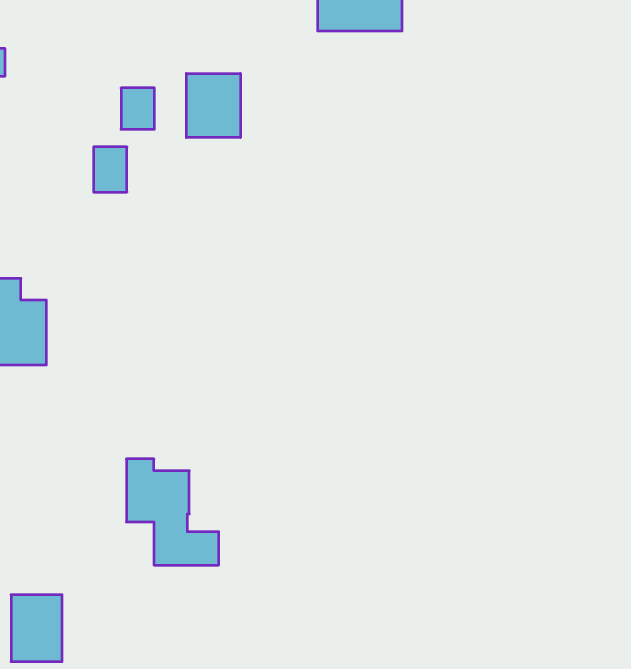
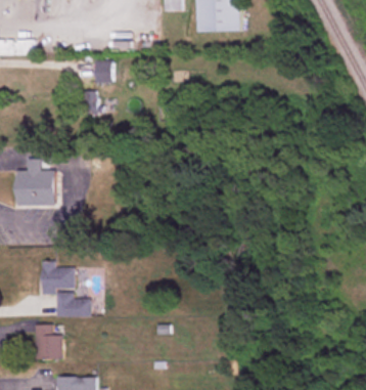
building: [186,73,240,138] -> none
building: [126,459,219,565] -> [42,261,90,316]

